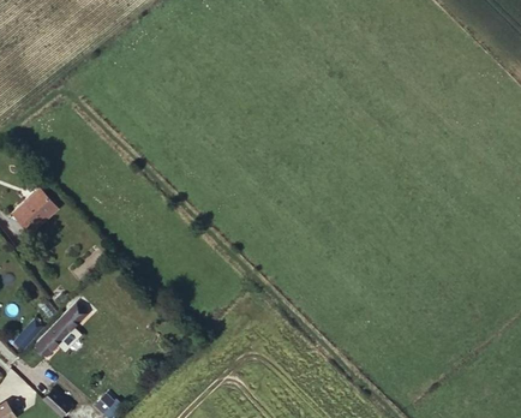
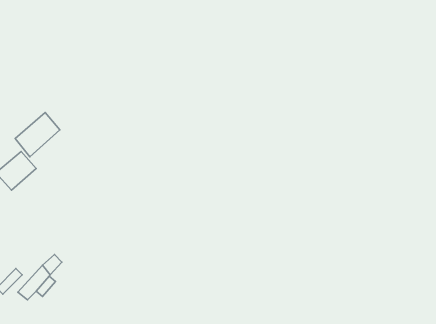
building: none -> [15,113,60,157]

